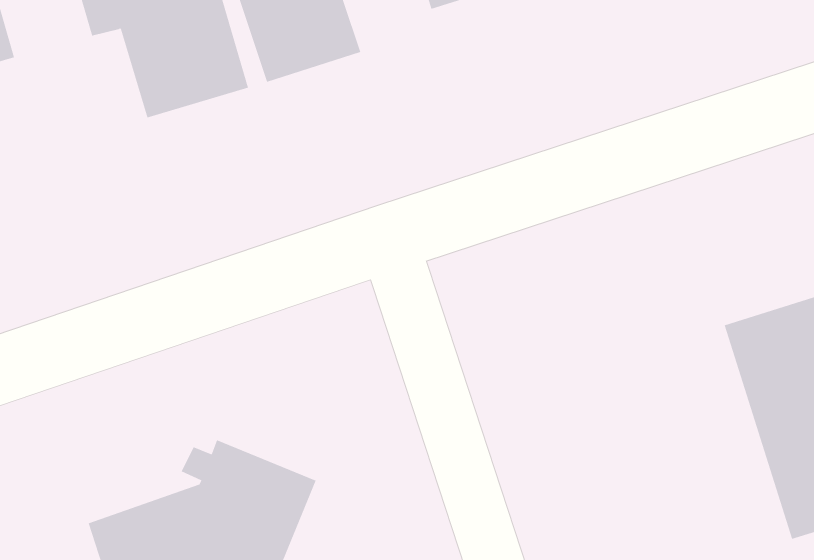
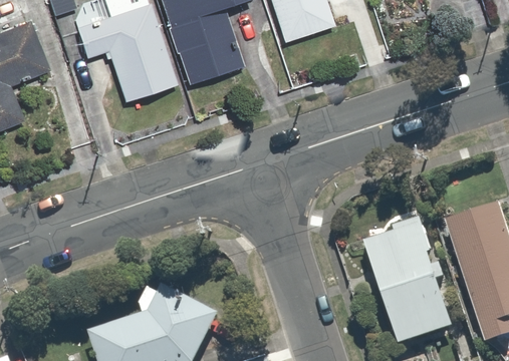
building: none -> [364,227,458,344]

